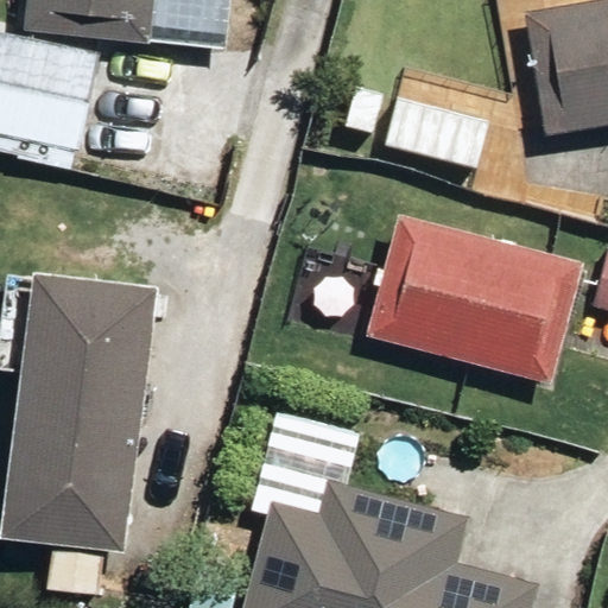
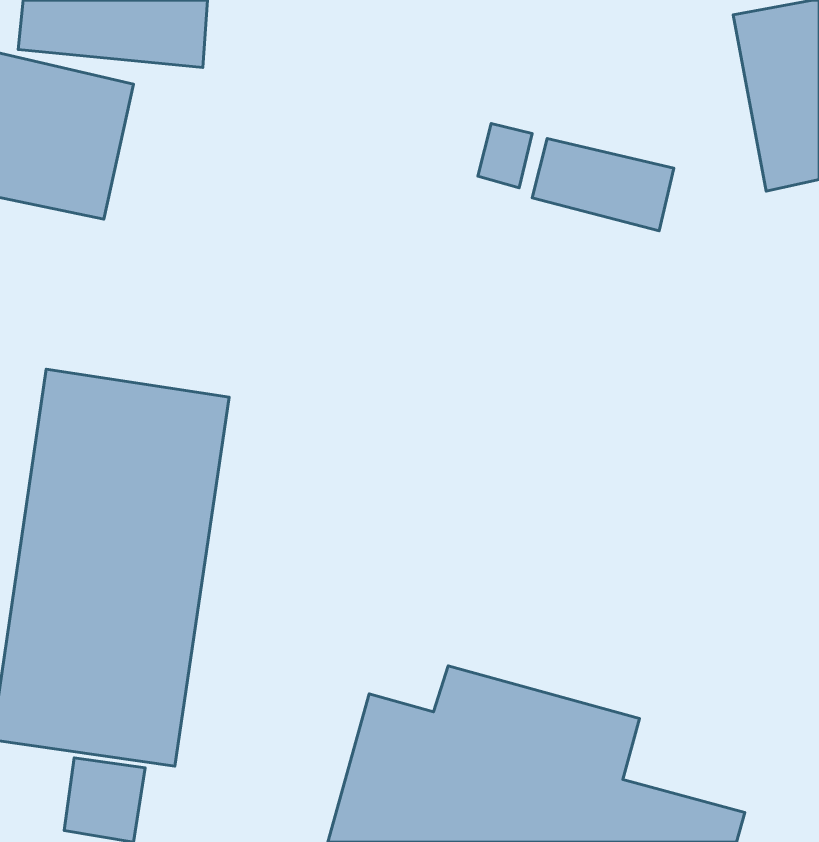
building: [372,211,582,379] -> none

